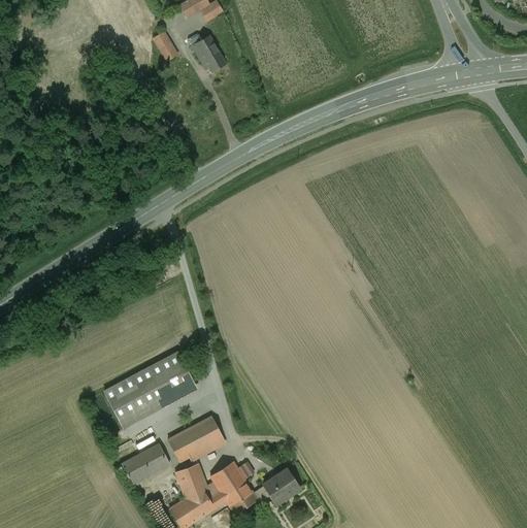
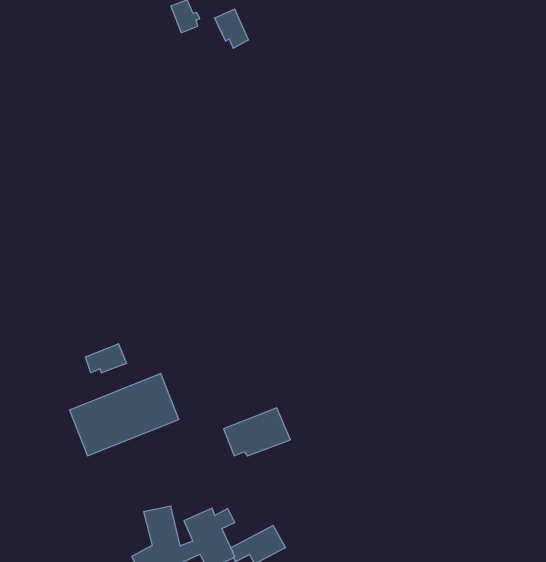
building: none -> [86,344,127,373]
building: [167,417,225,461] -> [224,408,290,456]
building: [120,443,169,484] -> none

